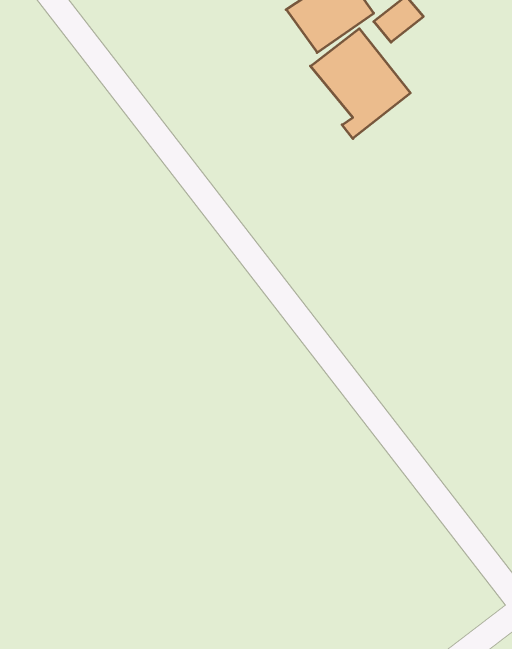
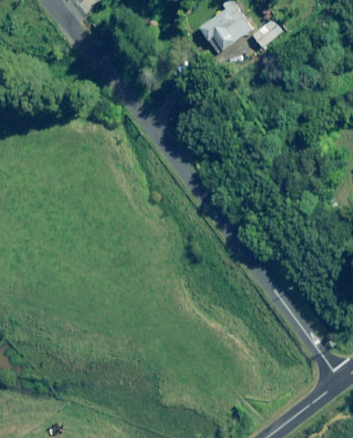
building: [310,29,410,139] -> none

